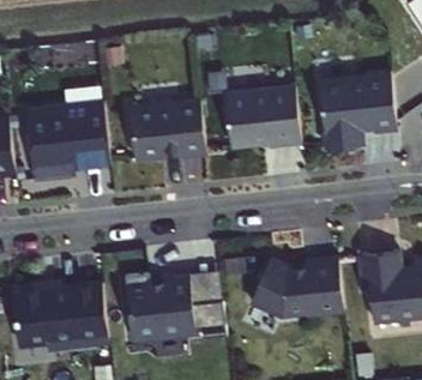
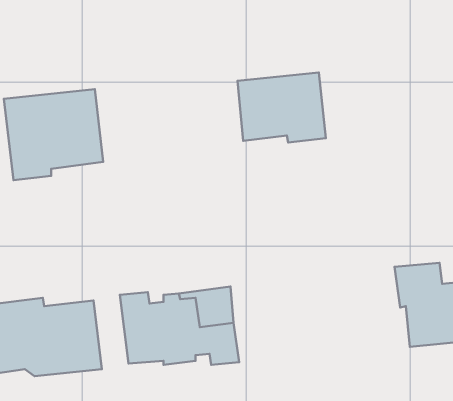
building: [318,72,394,151] -> none
building: [127,101,204,161] -> none
building: [248,260,343,320] -> none

